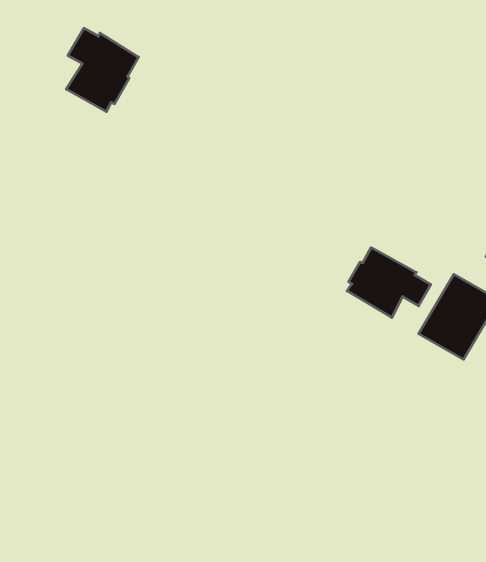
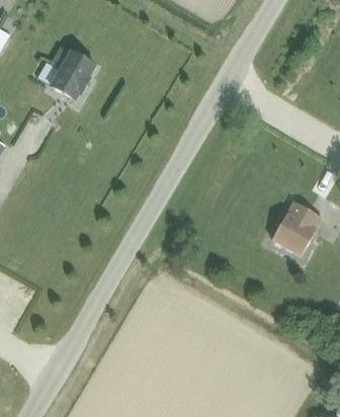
building: [347,248,431,318] -> none

